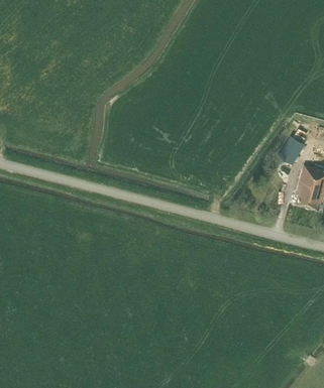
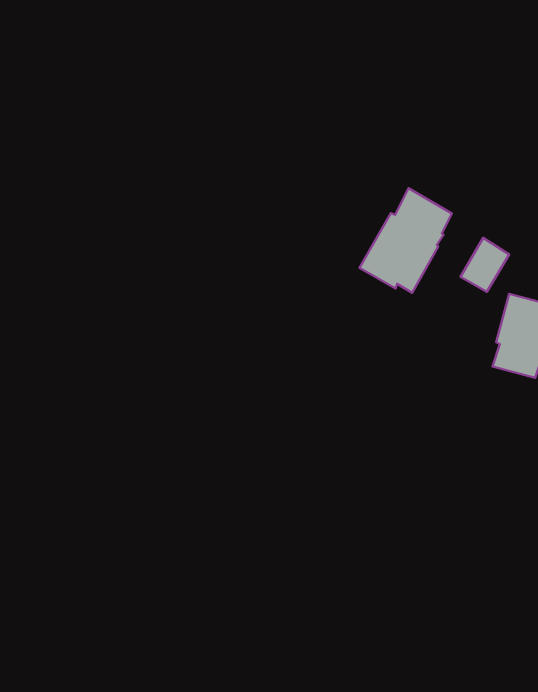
building: none -> [360,188,452,293]

